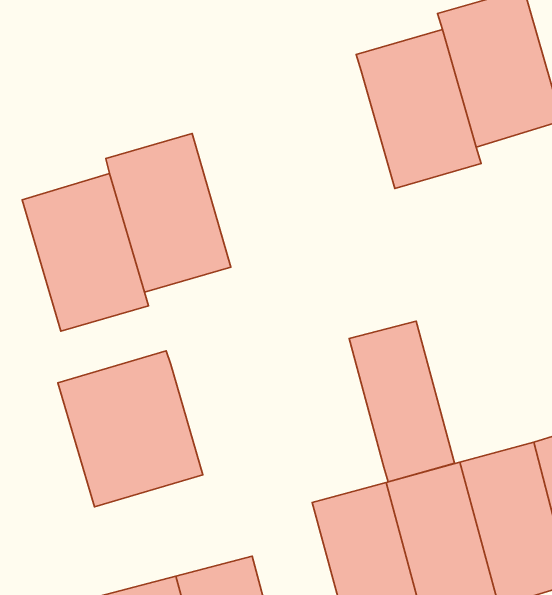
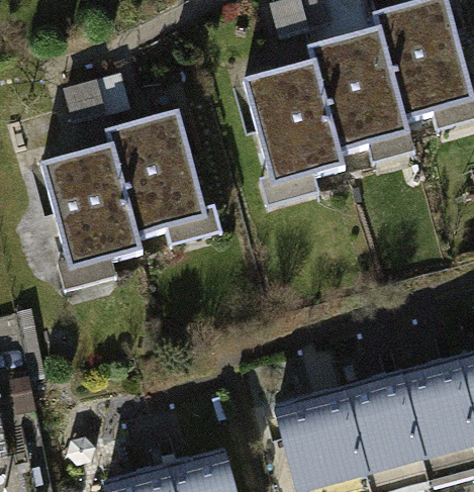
building: none -> [245,60,346,189]
building: [349,321,454,482] -> none
building: [58,351,203,507] -> none

